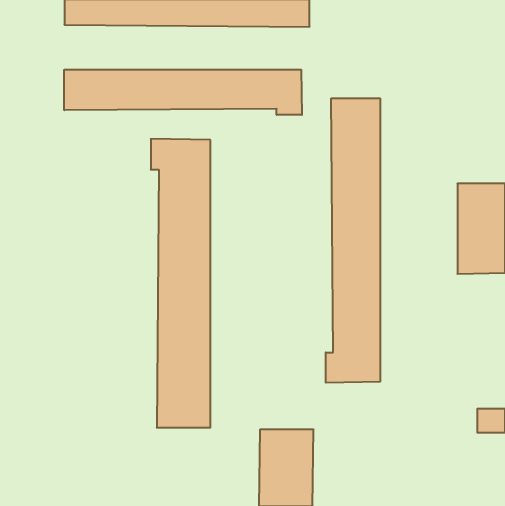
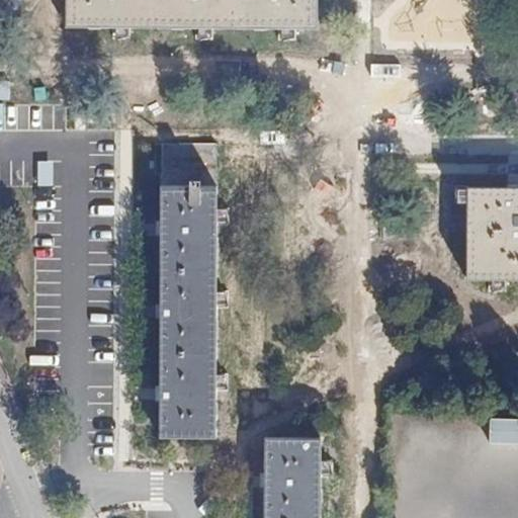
building: [64,70,302,115] -> none
building: [326,98,380,383] -> none

